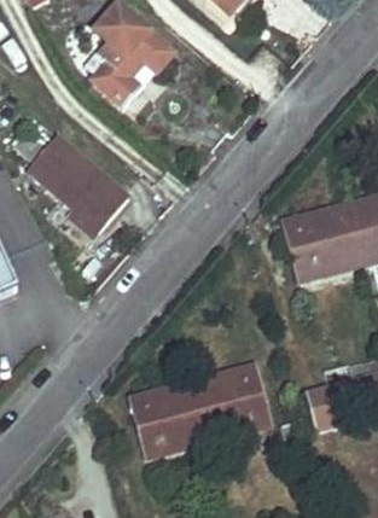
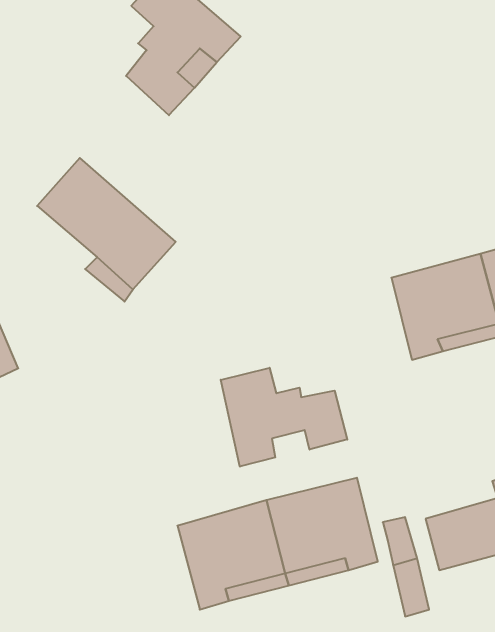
building: none -> [221,368,347,467]

